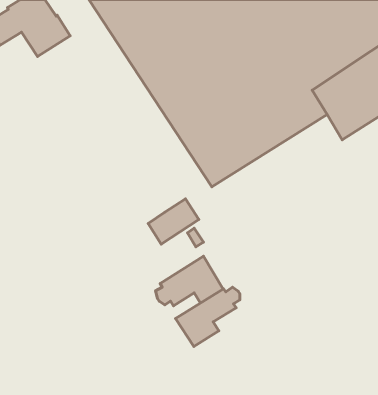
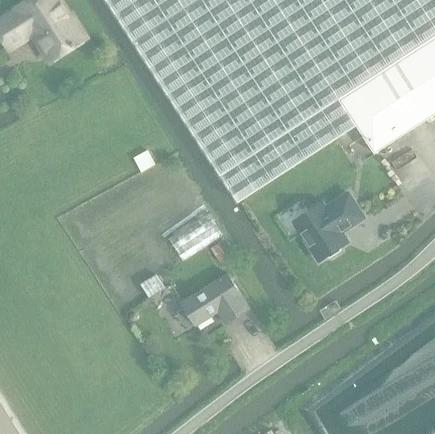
building: none -> [292,194,362,260]
building: [176,287,240,346] -> none

